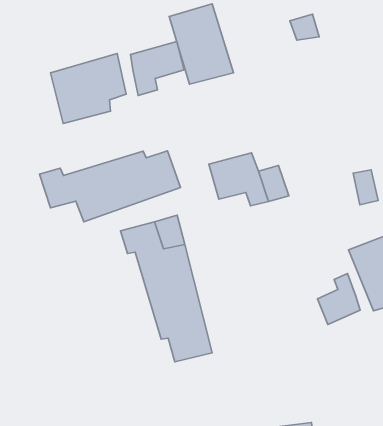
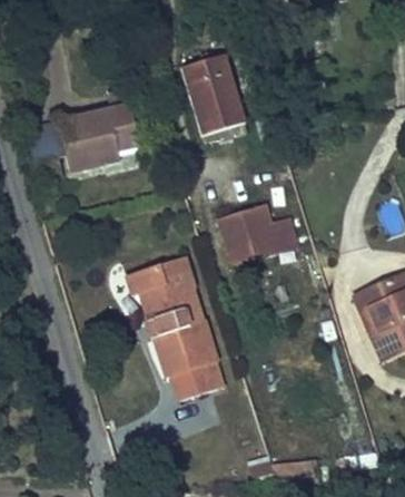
building: [130,41,184,95] -> none
building: [39,151,181,222] -> none
building: [318,273,360,324] -> none

